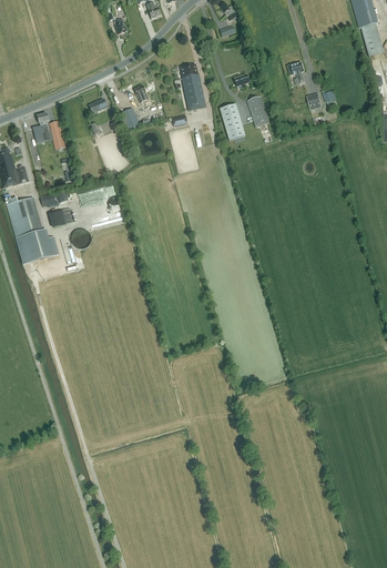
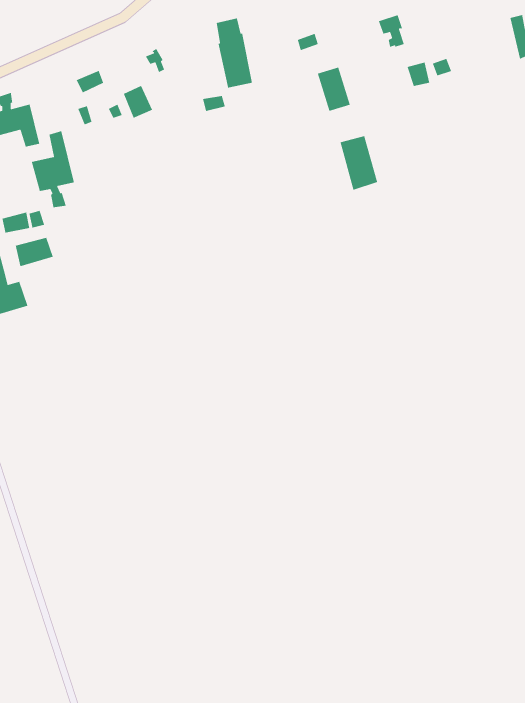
building: [220,103,245,140] -> [339,135,378,191]
building: none -> [31,130,75,208]

